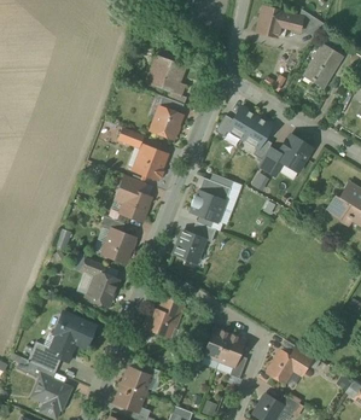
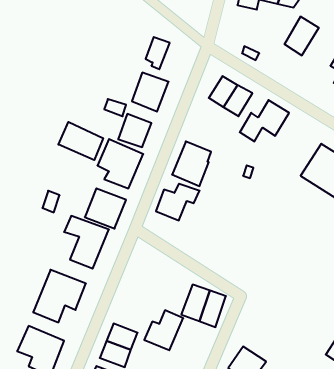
building: none -> [58,122,103,160]
building: [142,297,184,339] -> [144,310,183,350]
building: [262,340,314,386] -> none

